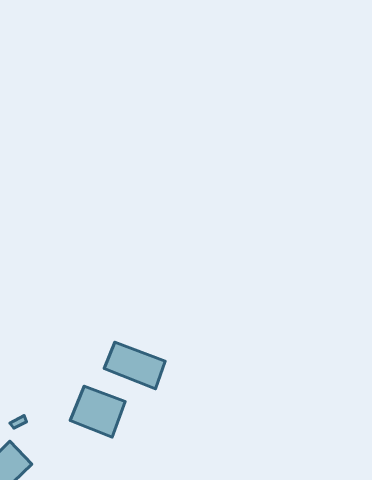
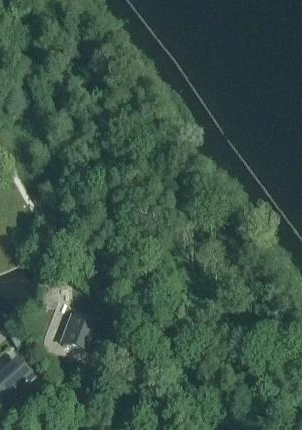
building: [104,342,165,389] -> none

